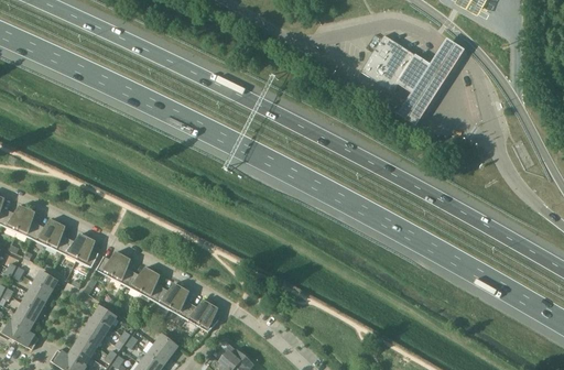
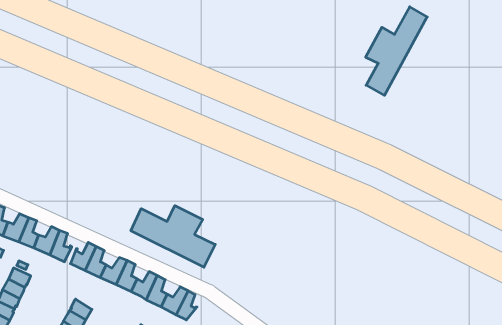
building: [360,34,416,91] -> none
building: none -> [131,206,215,267]

